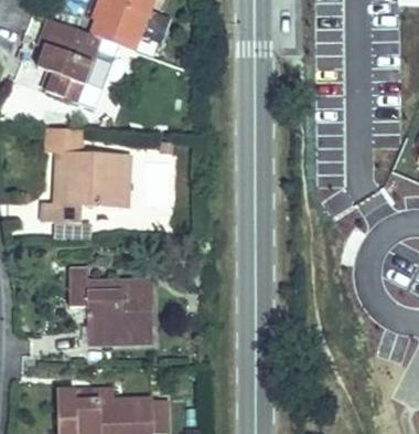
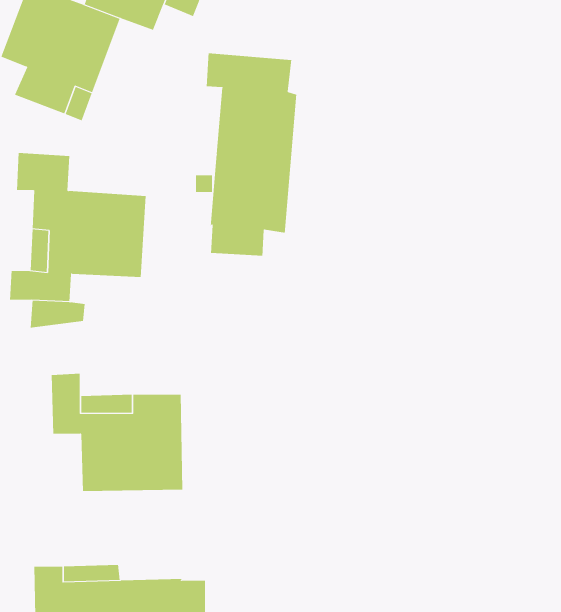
building: none -> [206,52,297,256]

